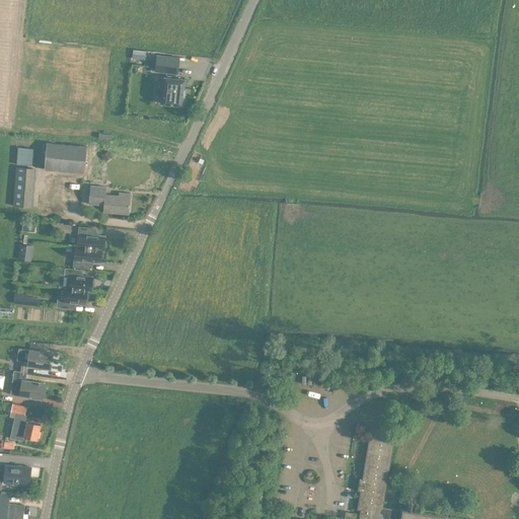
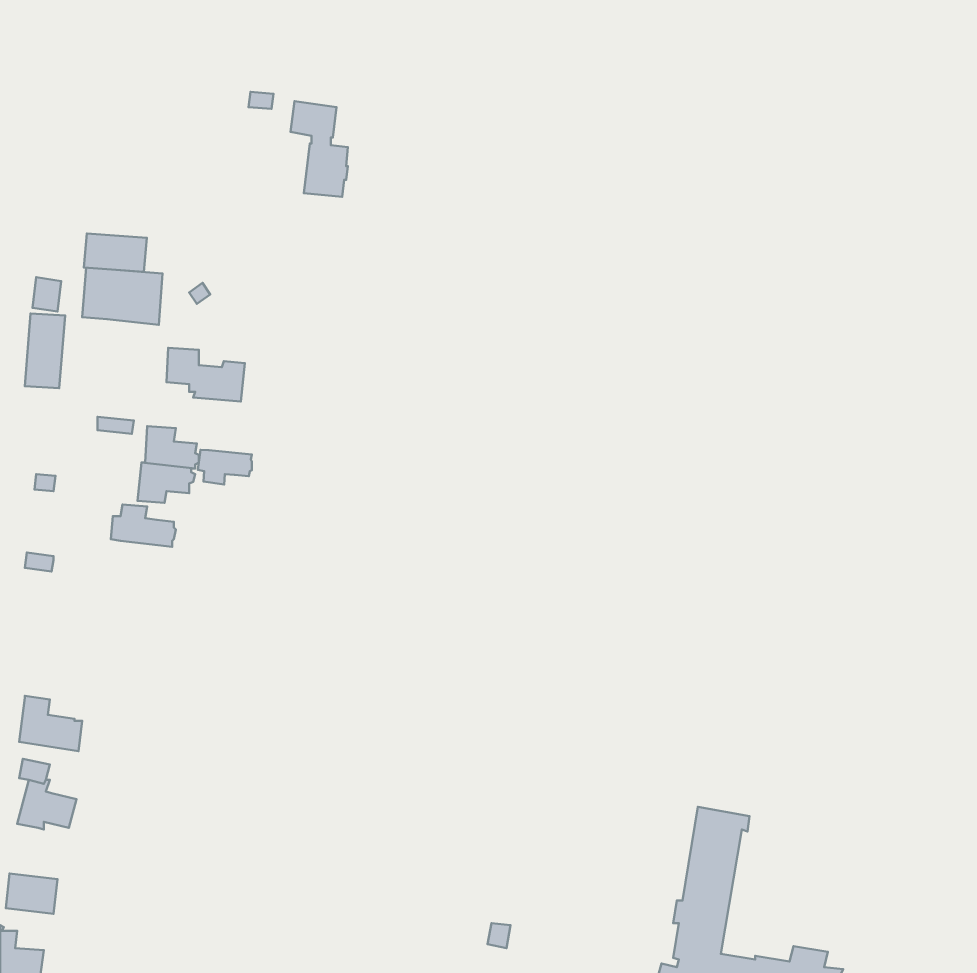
building: none -> [84,233,147,272]
building: none -> [198,450,252,484]
building: [57,289,91,309] -> none
building: [13,351,53,373] -> none

